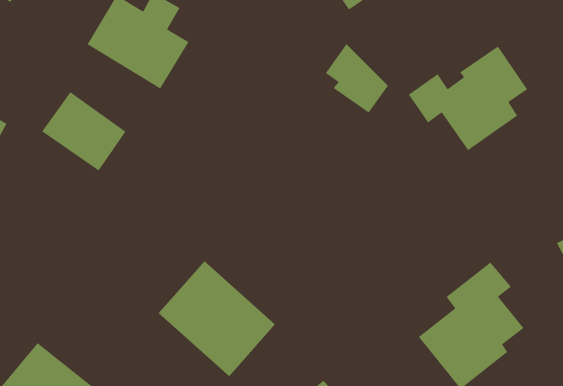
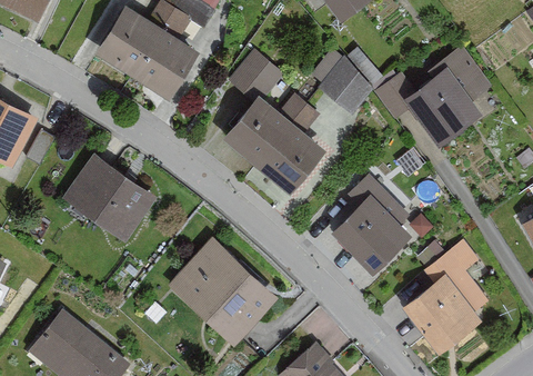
building: none -> [231,60,323,187]
building: [41,91,127,172] -> [76,161,151,232]
building: none -> [342,176,409,266]

